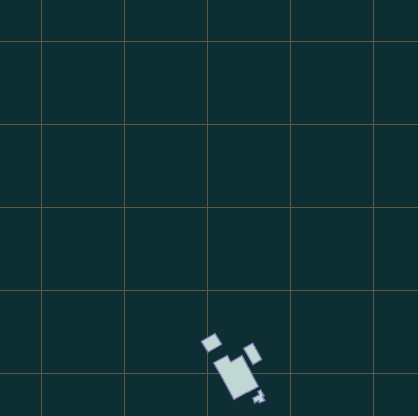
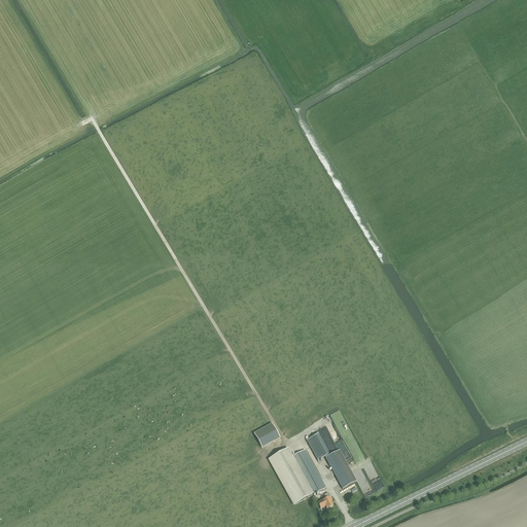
building: none -> [325,448,356,487]

